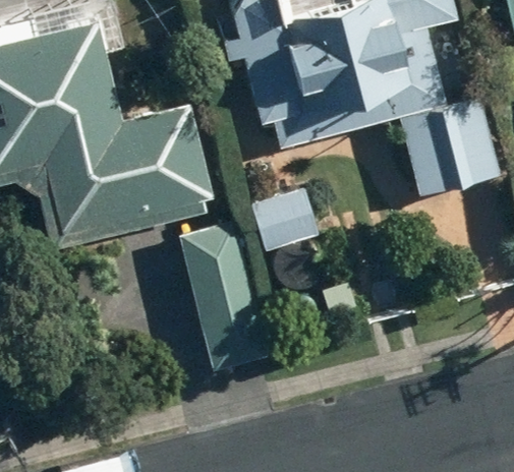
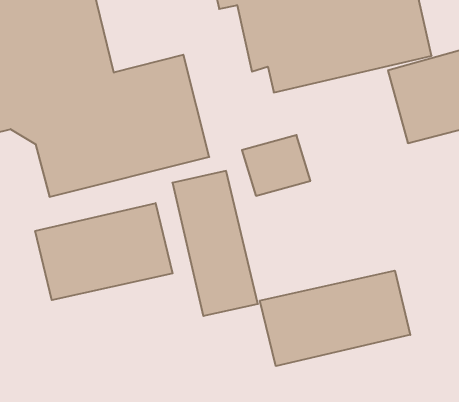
building: none -> [35,203,173,300]
building: none -> [260,271,410,366]

